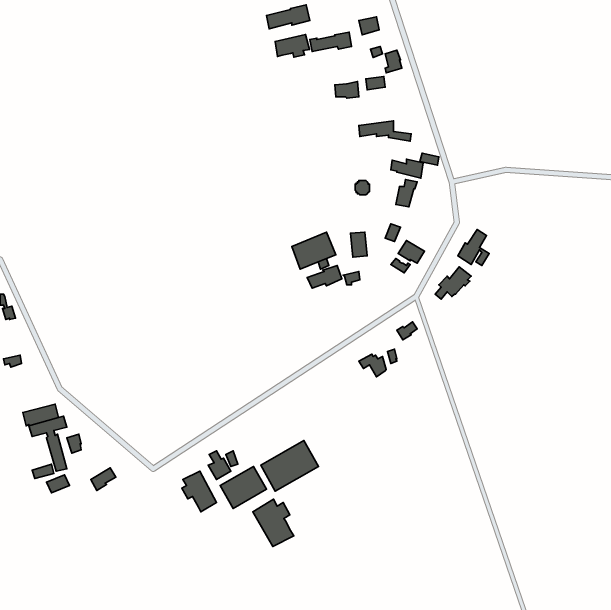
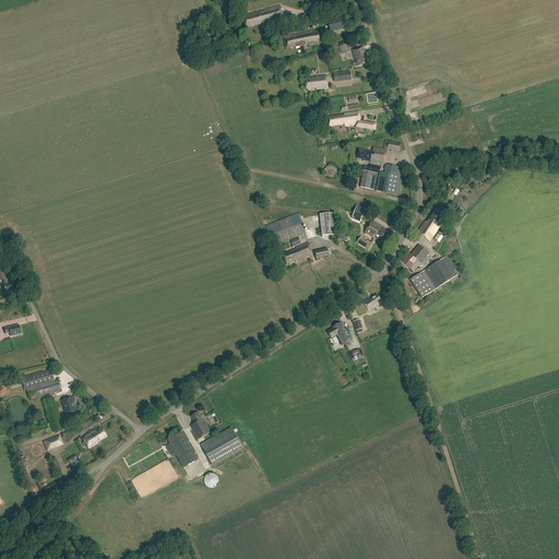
building: [275,35,309,57] -> none
building: none -> [376,164,402,194]
building: none -> [411,260,453,297]
building: [261,441,318,491] -> none
building: [253,499,294,546] -> none

